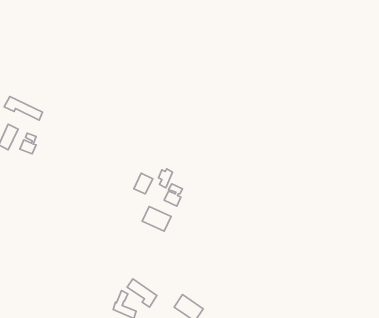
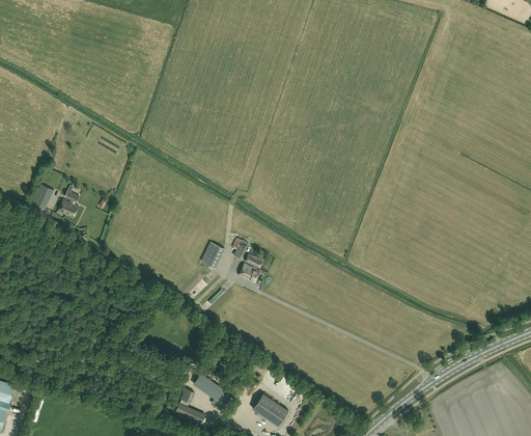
building: [4,96,43,120] -> none
building: [142,207,171,231] -> none

